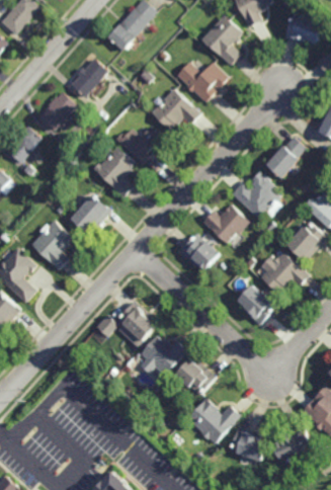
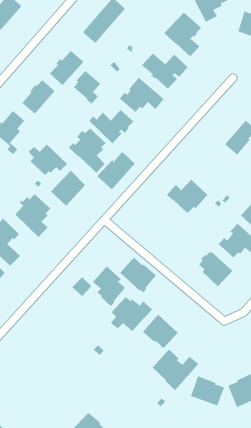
building: none -> [73,70,101,104]
building: none -> [28,144,68,176]
building: [233,171,282,220] -> none
building: none -> [97,151,135,190]
building: [180,233,223,274] -> [119,257,157,293]

